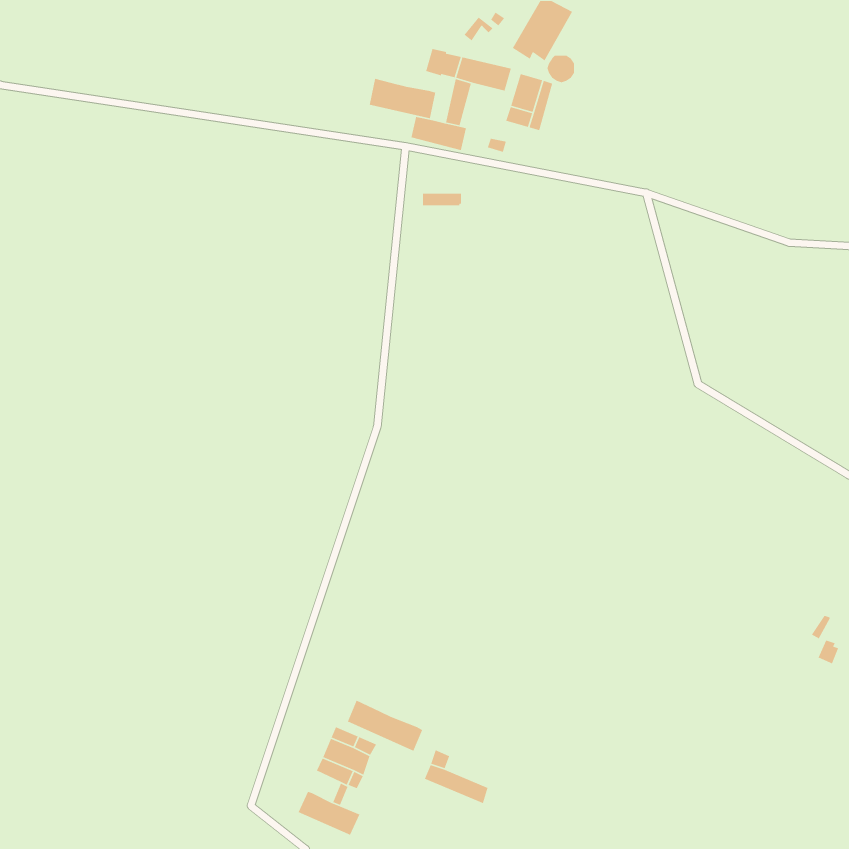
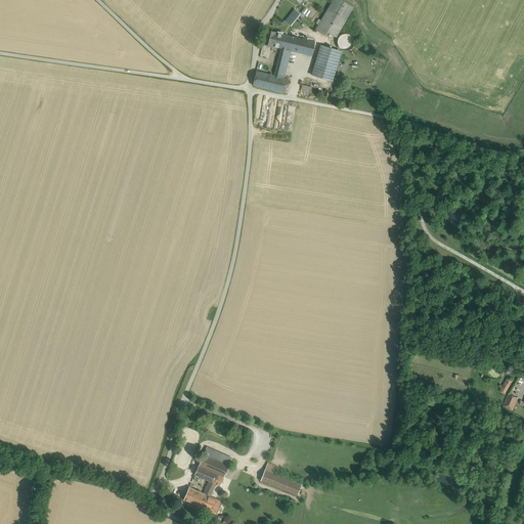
building: [369,78,436,119] -> none
building: [347,700,423,752] -> none

